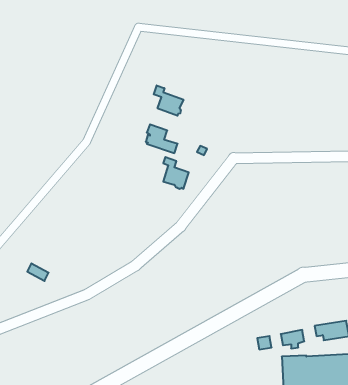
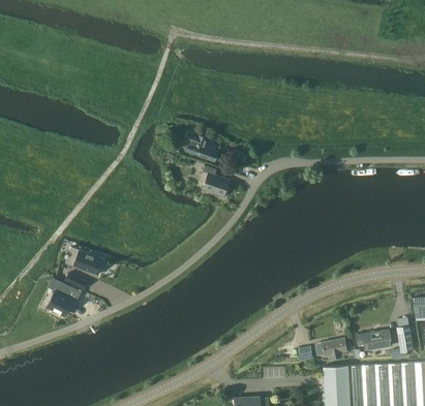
building: [154,85,183,116] -> none
building: none -> [65,247,103,276]
building: none -> [47,281,73,316]

